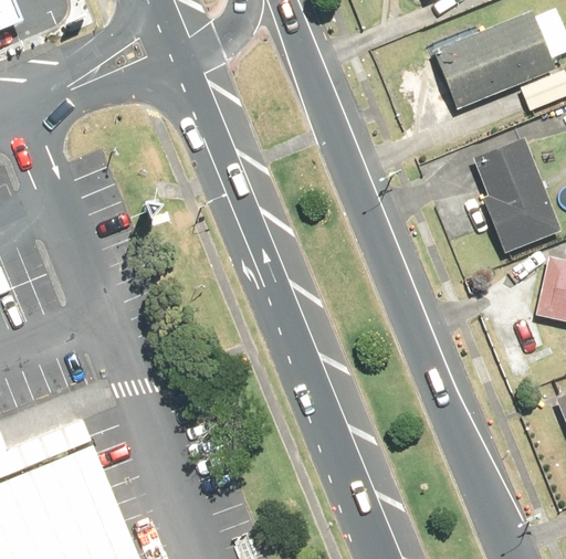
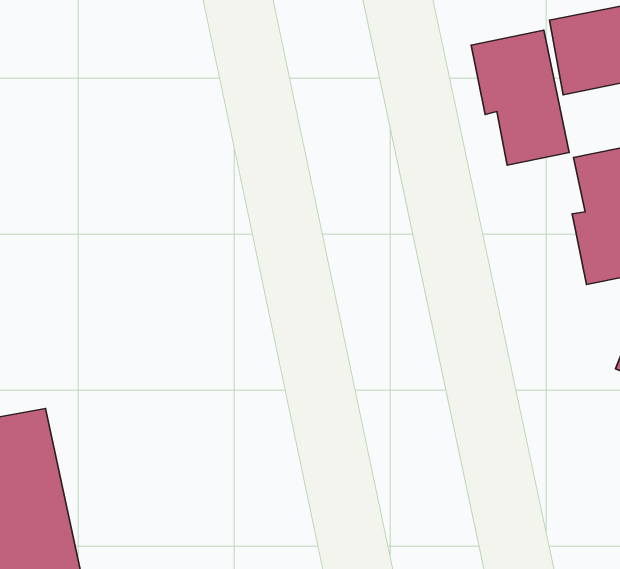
building: none -> [471,30,569,165]

